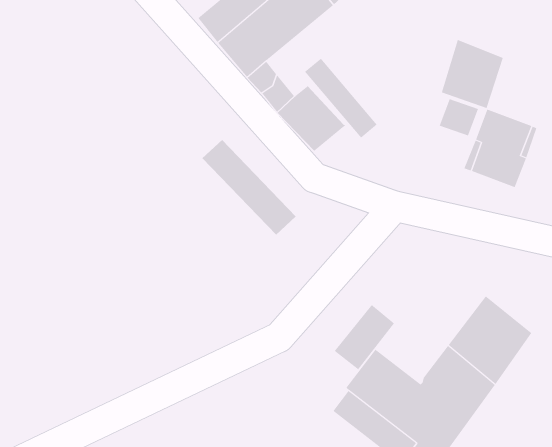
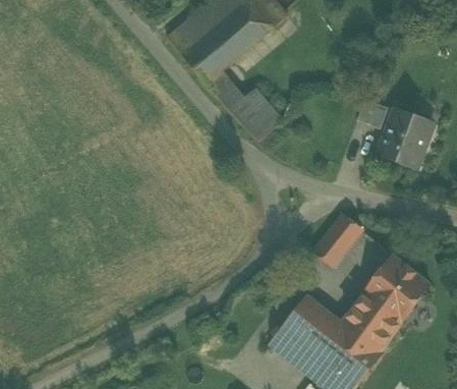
building: [441,39,503,109] -> none
building: [304,58,378,138] -> none
building: [202,139,297,235] -> none
building: [334,304,395,370] -> [312,214,360,266]

